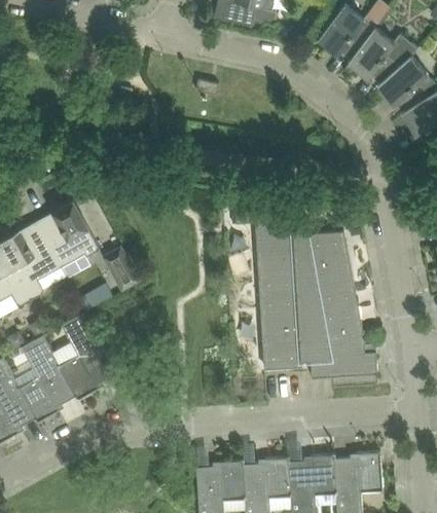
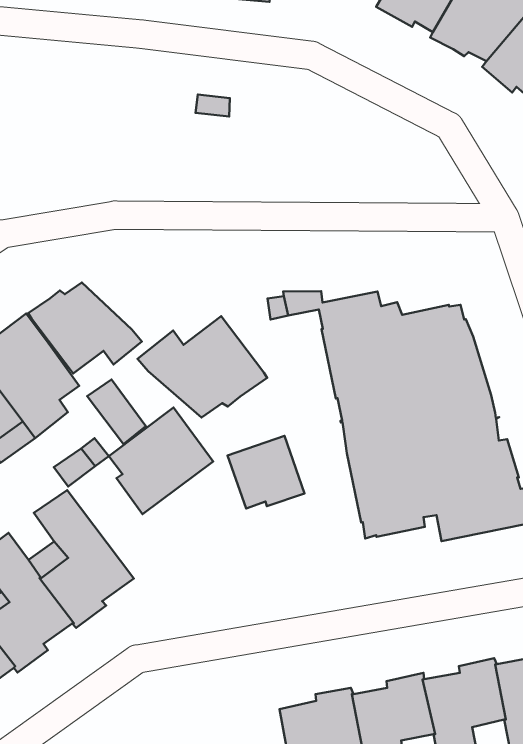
building: none -> [28,283,142,374]
building: none -> [138,316,267,418]
building: none -> [109,407,213,514]
building: none -> [228,436,305,508]

